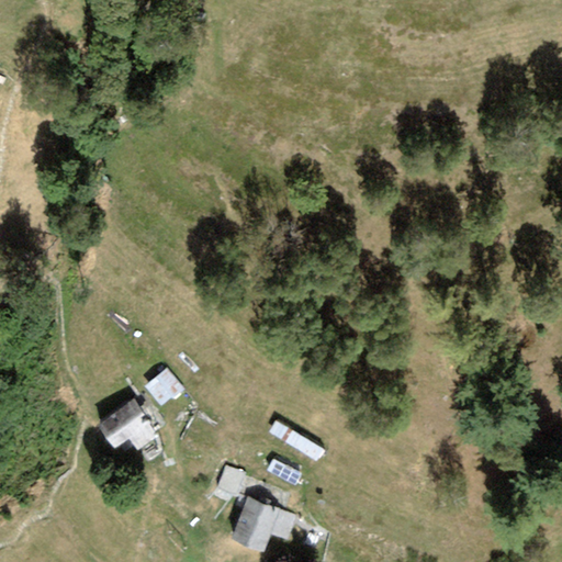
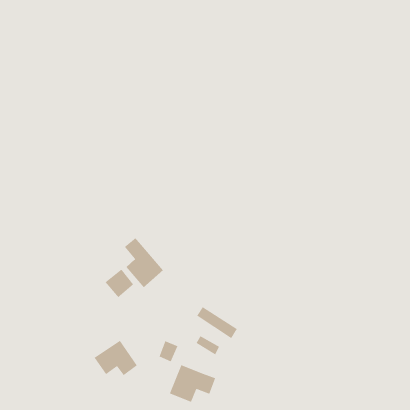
building: none -> [124,237,164,288]
building: [98,401,158,450] -> [94,340,138,376]

